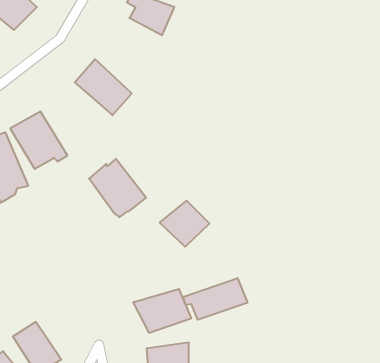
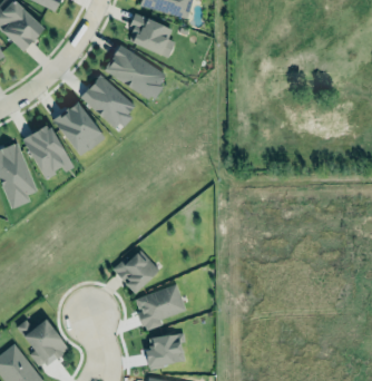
building: none -> [106,47,165,98]
building: [89,159,146,217] -> [55,99,107,153]
building: [160,201,209,247] -> [112,252,158,294]
building: [183,278,247,320] -> none

